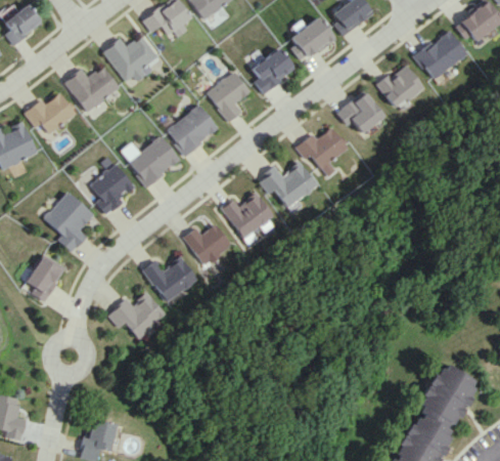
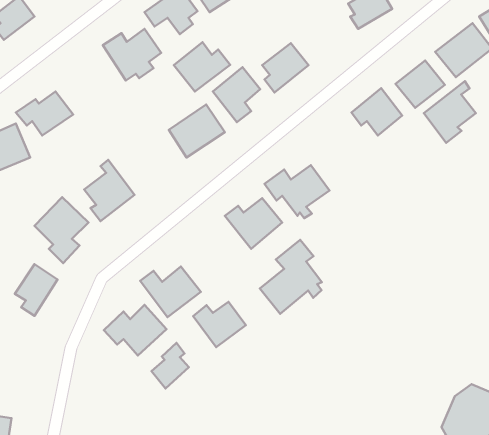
building: [289,16,336,61] -> none
building: none -> [174,42,230,92]
building: [65,67,121,113] -> none
building: none -> [424,81,476,143]
building: [294,127,347,177] -> none
building: [121,135,180,185] -> none
building: [181,224,230,266] -> [193,302,246,347]
building: none -> [260,240,322,314]
building: none -> [151,343,189,389]

